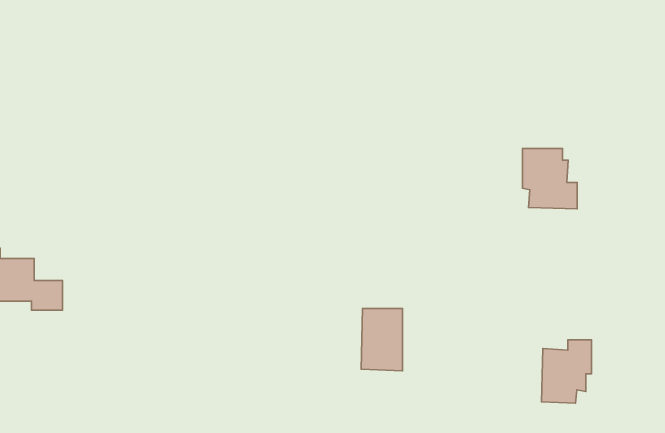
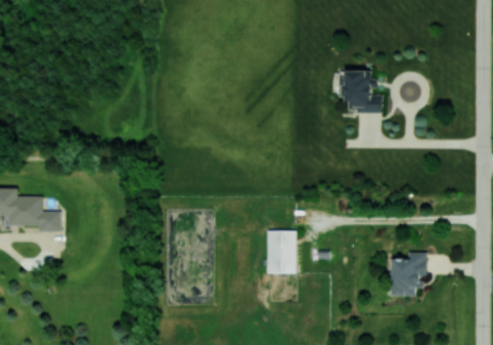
building: [522,148,577,209] -> [344,71,382,113]

